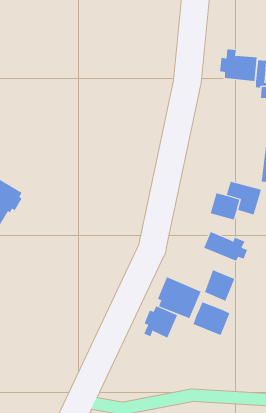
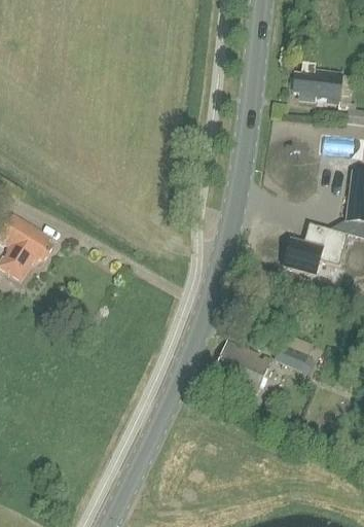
building: [203,231,248,261] -> none
building: [193,302,230,336] -> none
building: [143,306,178,338] -> none

